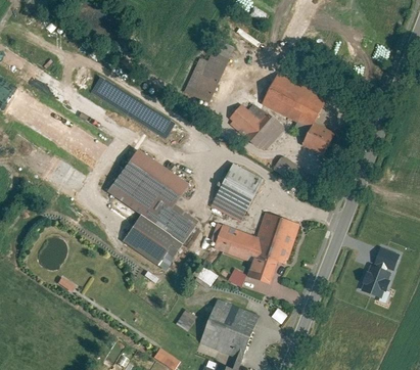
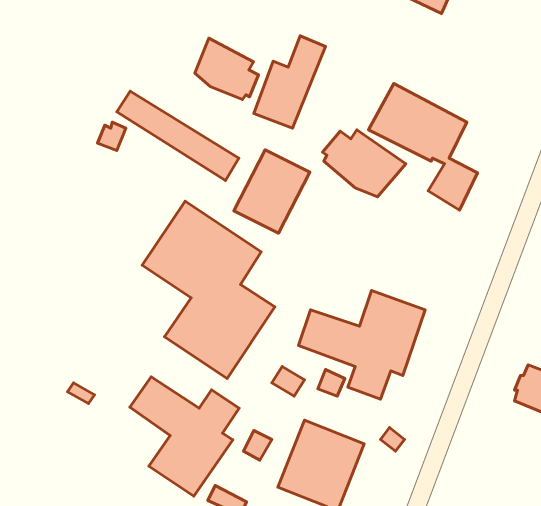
building: none -> [195,38,259,99]
building: [211,166,263,223] -> [234,150,310,233]
building: none -> [130,377,239,496]

